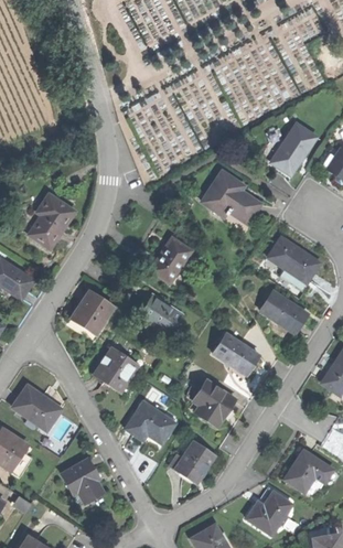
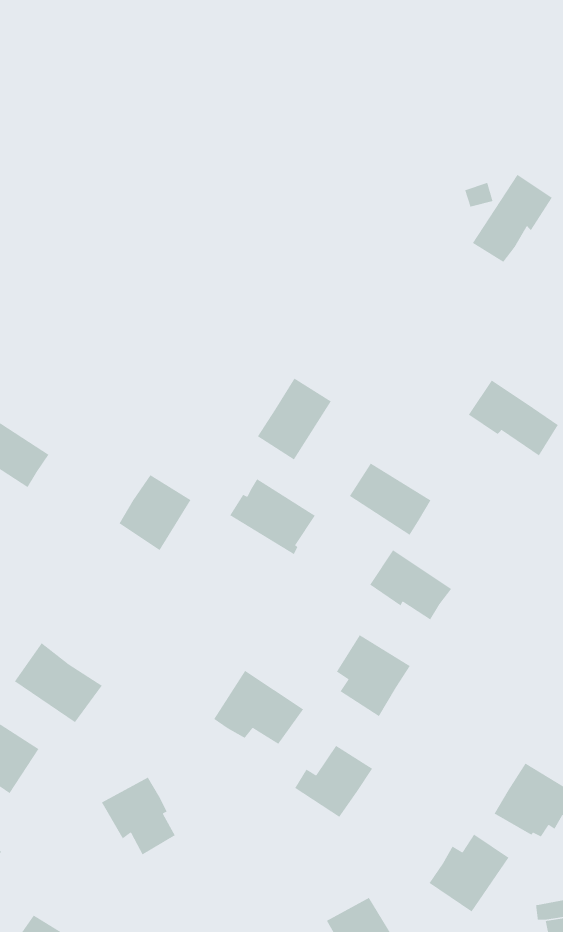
building: [202,172,260,224] -> none
building: [29,195,75,248] -> none
building: [260,292,307,333] -> [349,463,432,536]
building: [95,350,139,391] -> none

